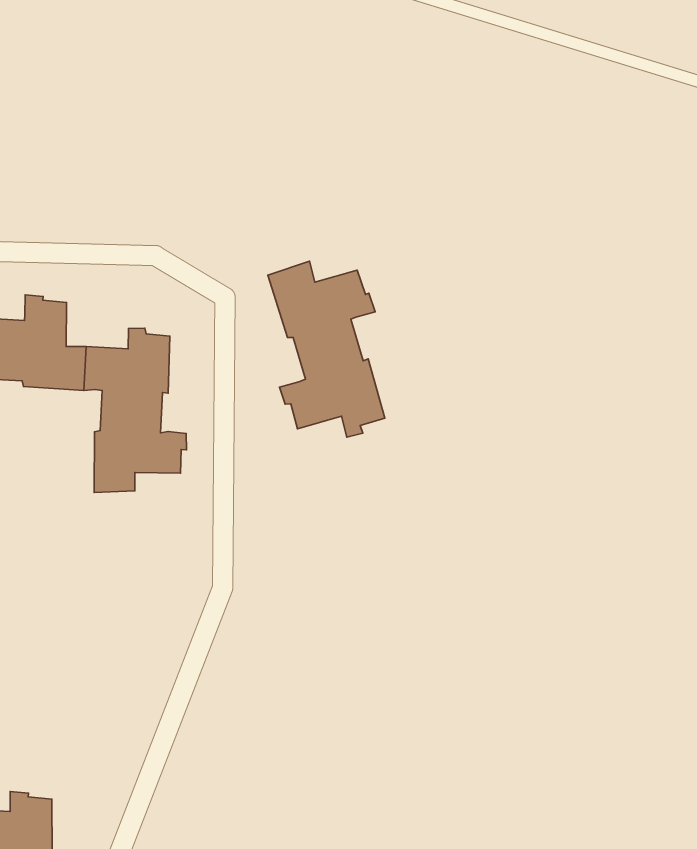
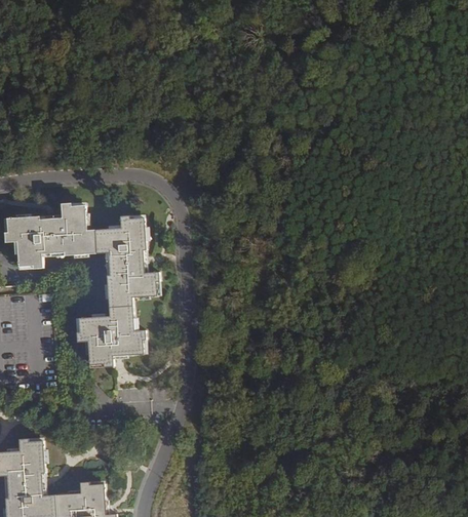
building: [268,261,385,437] -> none
building: none -> [76,307,146,366]

